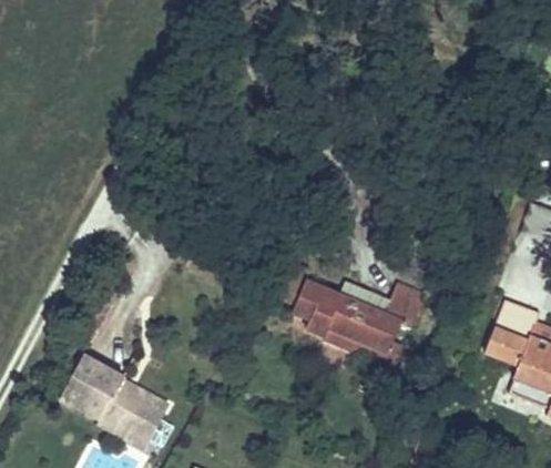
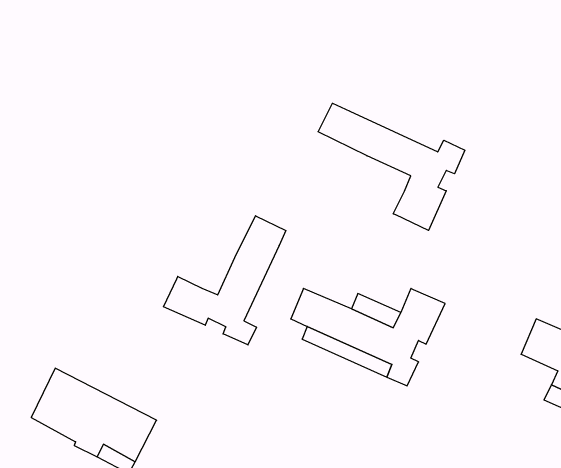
building: none -> [318,103,465,230]
building: none -> [164,216,286,345]

